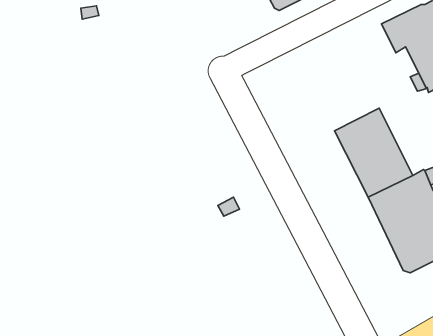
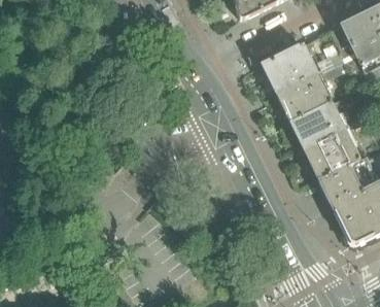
building: none -> [263,42,343,121]

